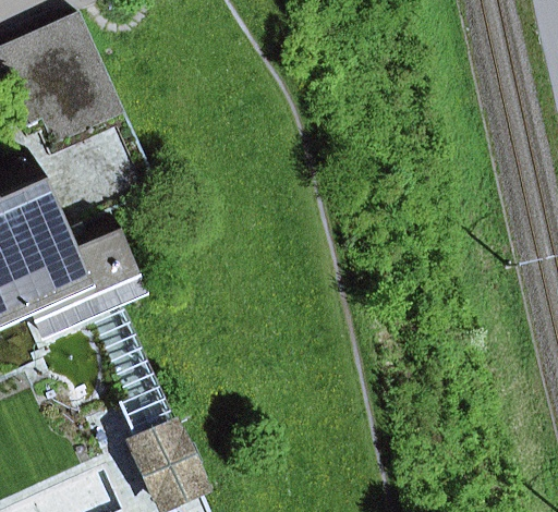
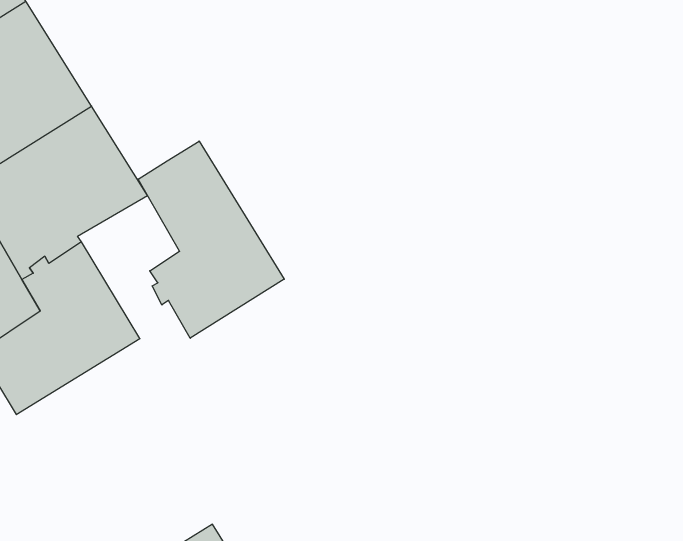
building: none -> [138,141,284,338]

